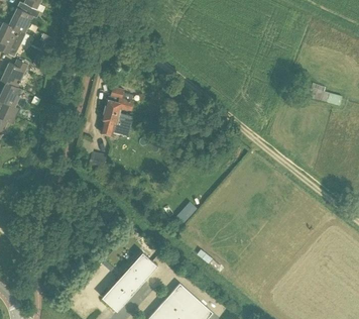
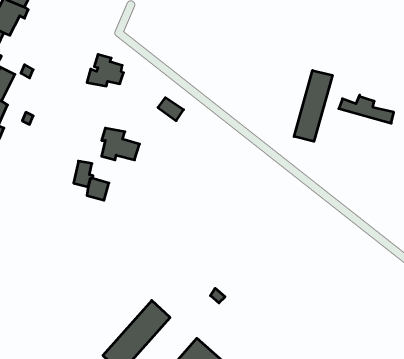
building: none -> [294,70,332,141]
building: [103,87,133,113] -> [87,54,124,86]

